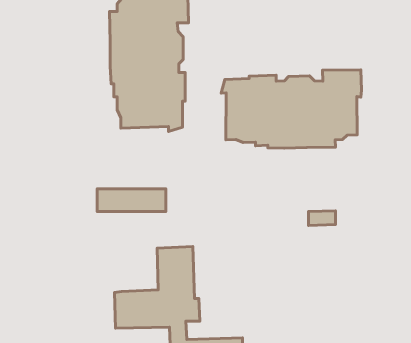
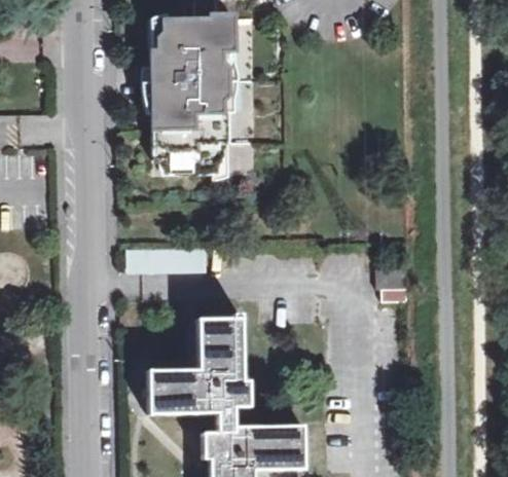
building: [221,70,361,148] -> none

